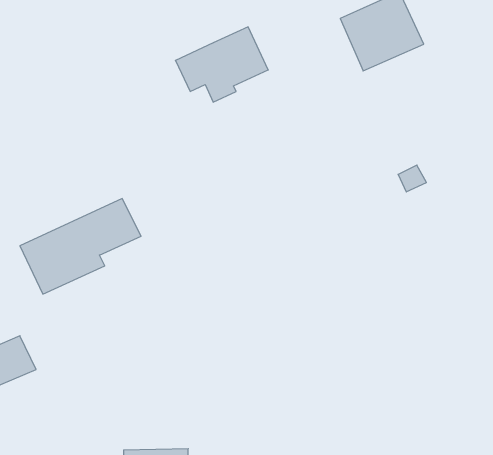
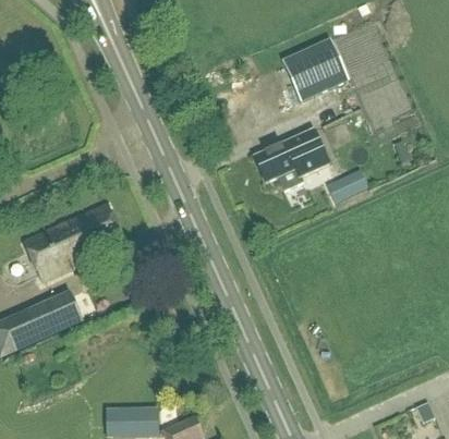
building: [175,27,268,102] -> [254,127,329,188]
building: none -> [22,292,83,342]

